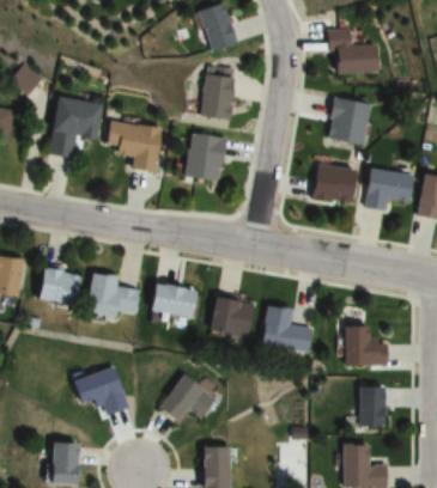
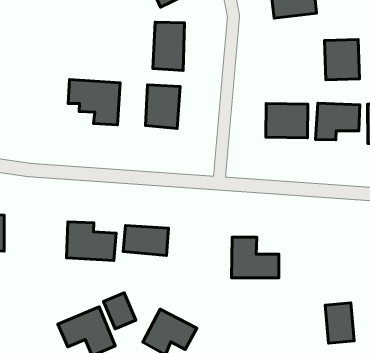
building: [48,98,102,159] -> none
building: [329,100,368,145] -> [324,40,359,80]
building: [37,264,84,304] -> none
building: [207,292,255,338] -> none
building: [346,309,388,366] -> none
building: none -> [104,293,136,329]

